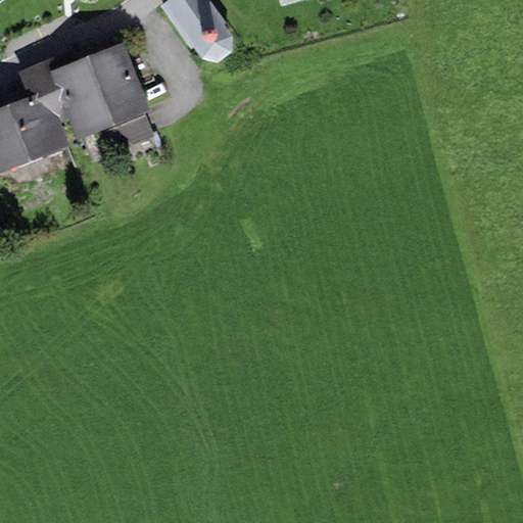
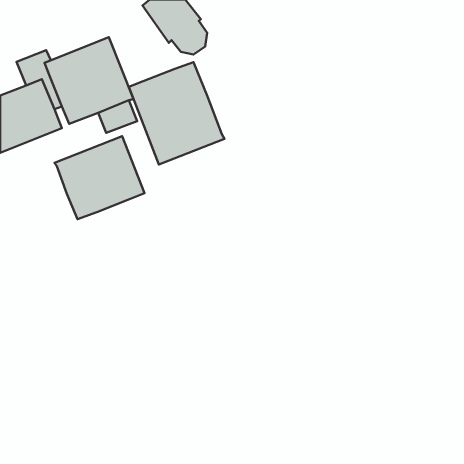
building: none -> [129,62,225,164]
building: none -> [54,136,145,219]

